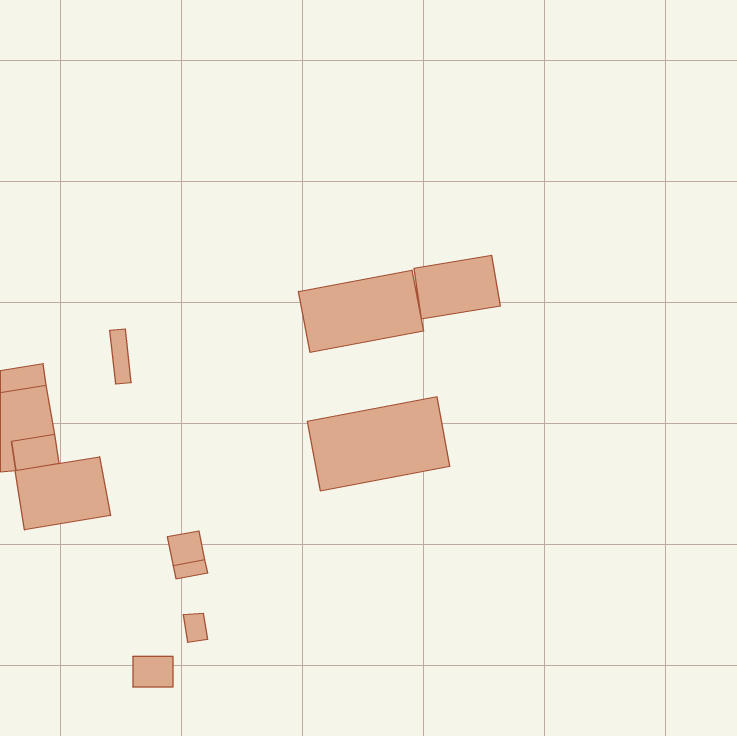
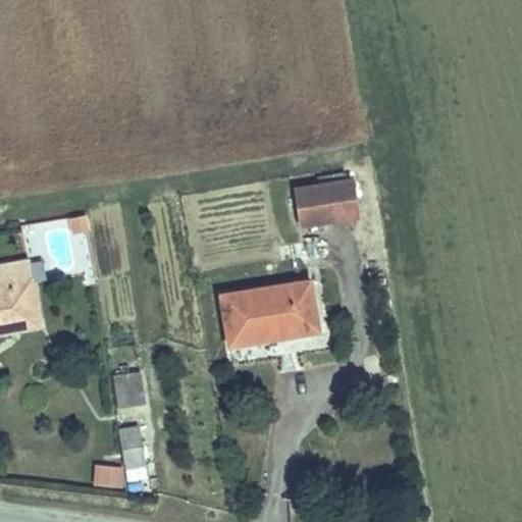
building: [299,270,423,352] -> none
building: [15,457,110,530] -> none

